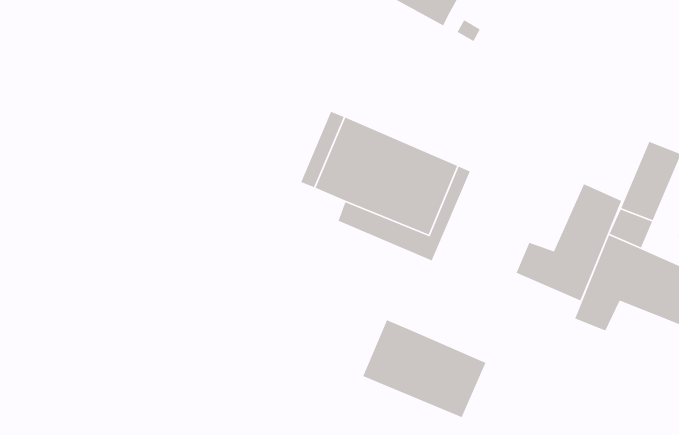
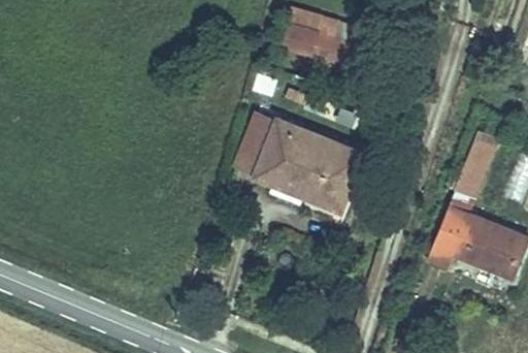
building: [515,183,622,302] -> none
building: [362,319,486,418] -> none

